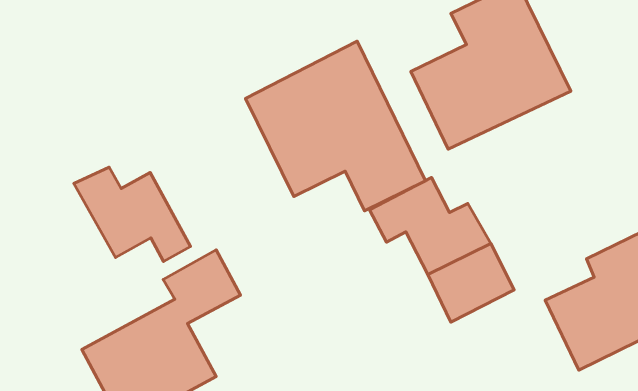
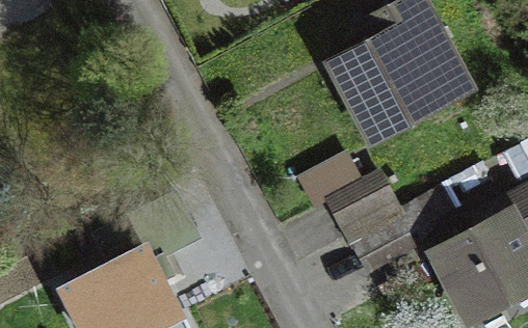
building: [246,41,425,211] -> none
building: [74,167,190,261] -> none

